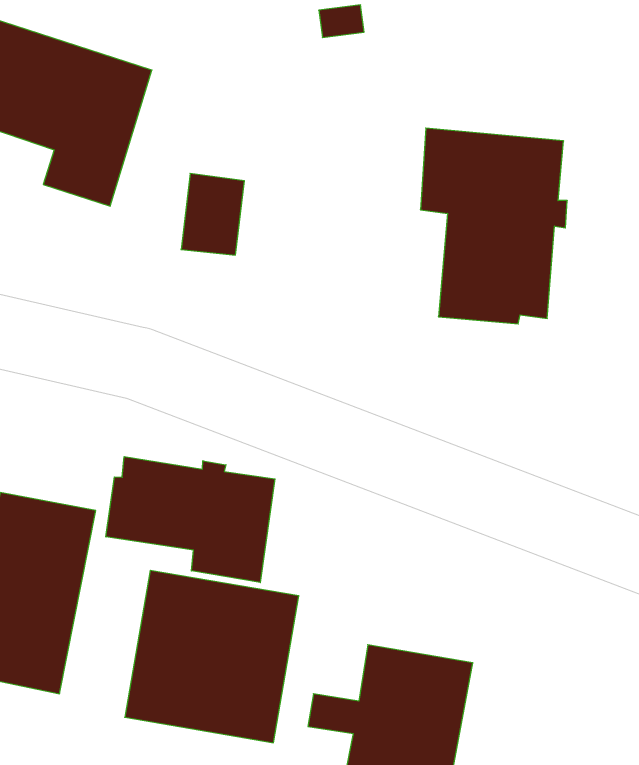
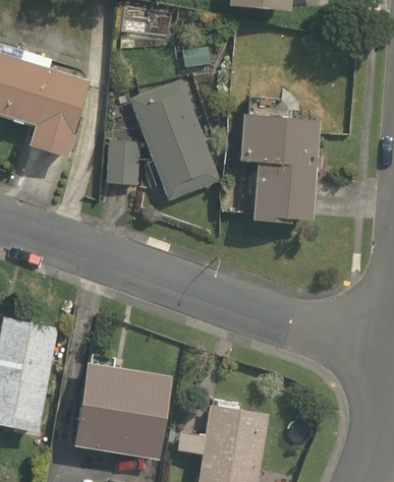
building: none -> [130,78,221,199]
building: [106,457,275,583] -> none

